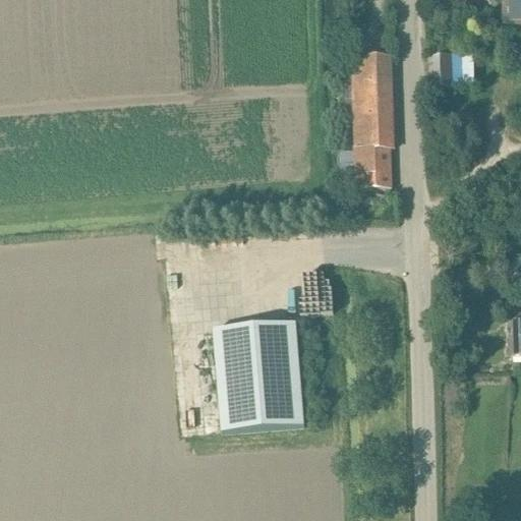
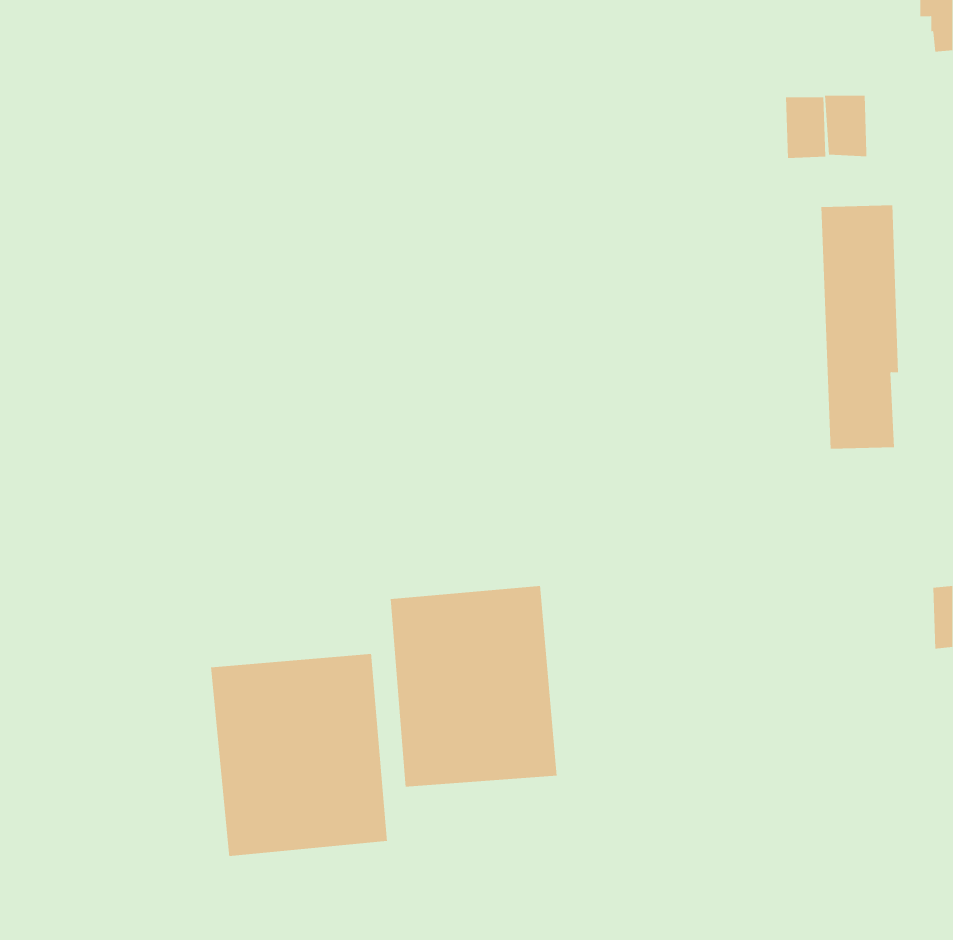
building: [351,53,394,186] -> [820,205,899,449]
building: none -> [211,653,388,857]

